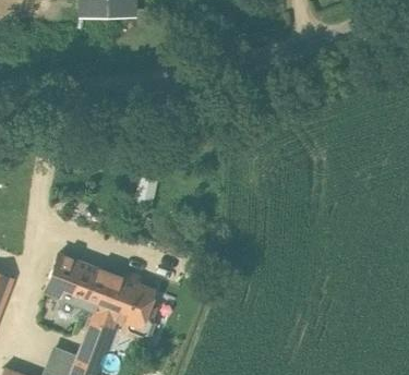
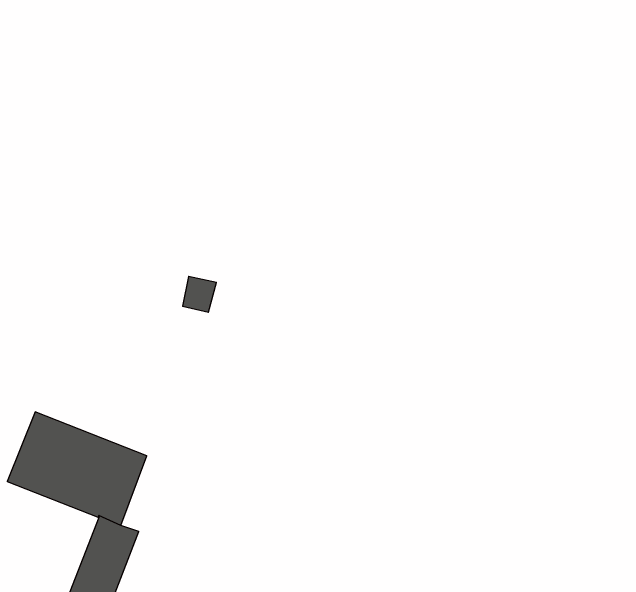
building: [104,276,153,338] -> none

